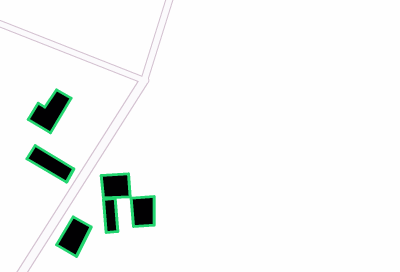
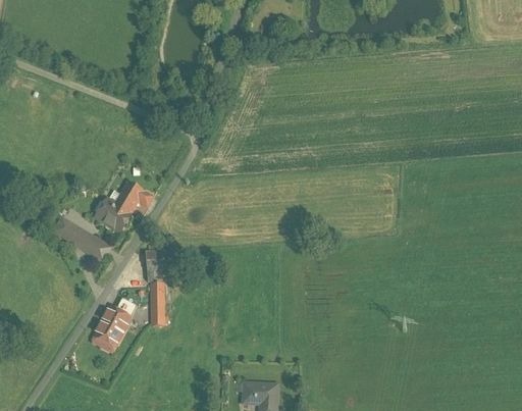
building: [28,90,71,133] -> [93,182,146,235]
building: [131,197,154,226] -> none

